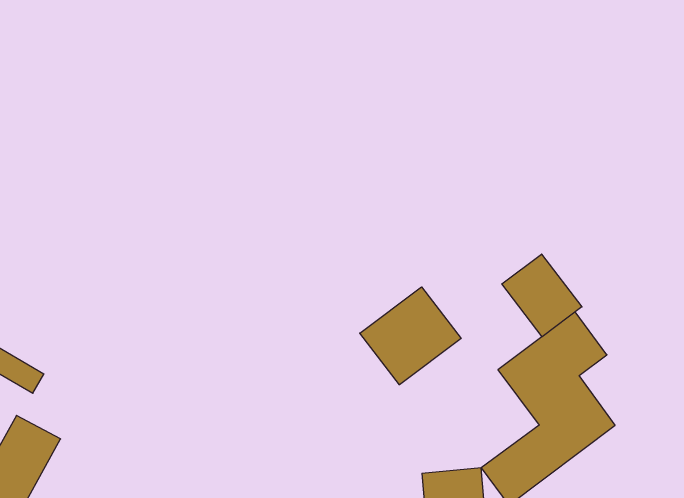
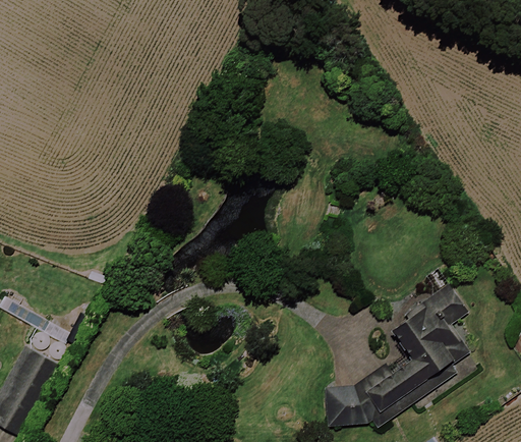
building: [502,254,582,337] -> none
building: [360,287,461,385] -> none

